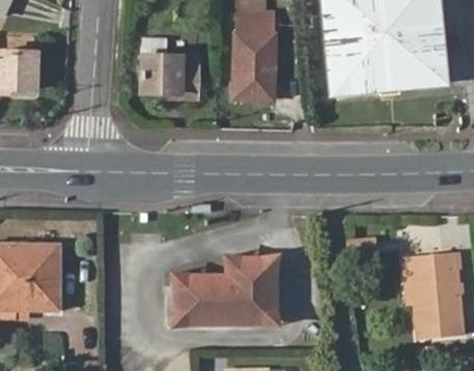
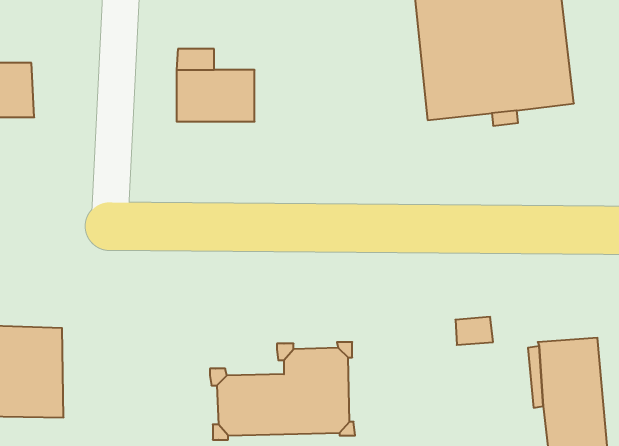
building: [235,12,276,99] -> none

